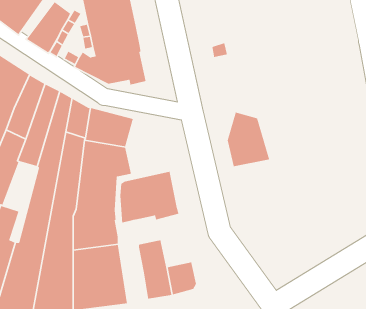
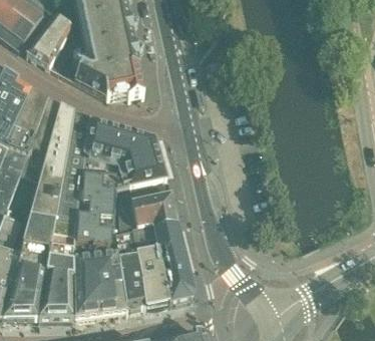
building: [227,111,270,167] -> [123,130,165,185]
building: none -> [131,224,188,275]
building: none -> [116,245,144,311]

